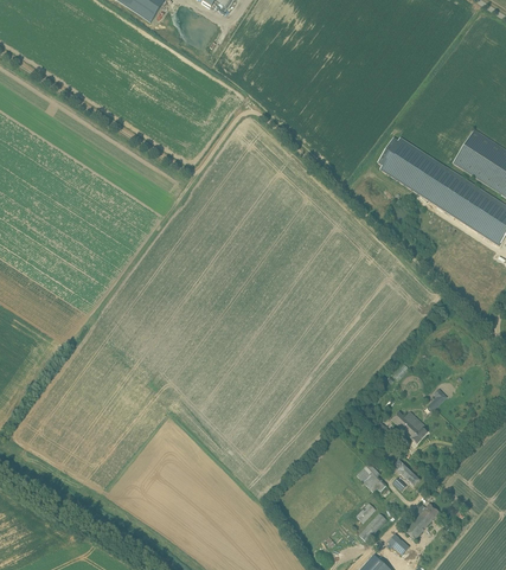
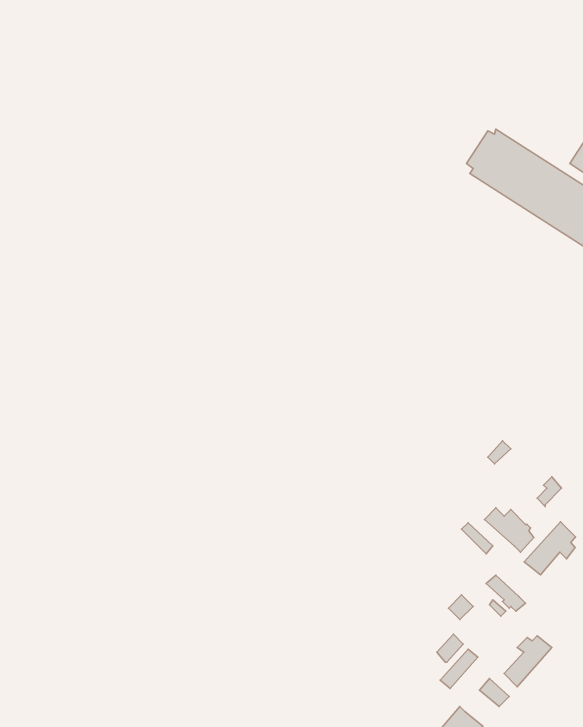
building: none -> [524,522,575,575]

